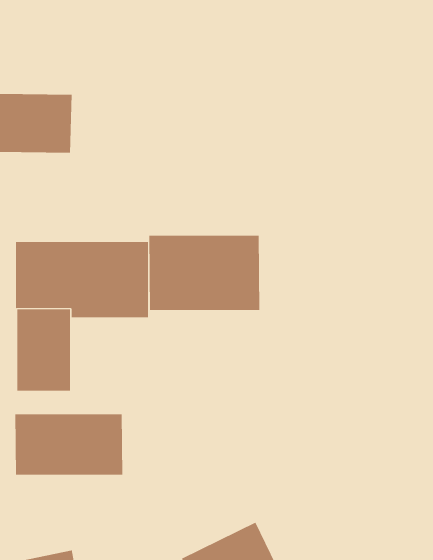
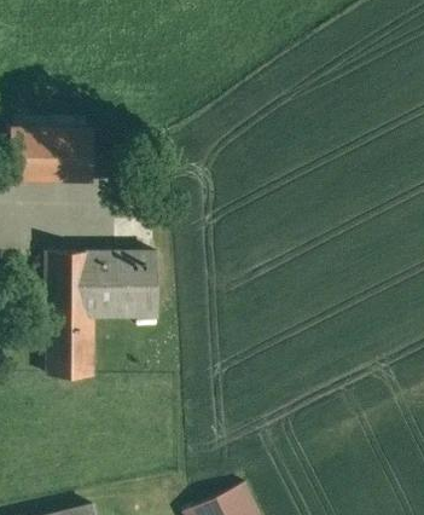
building: [149,235,260,311] -> none
building: [15,414,123,475] -> none

